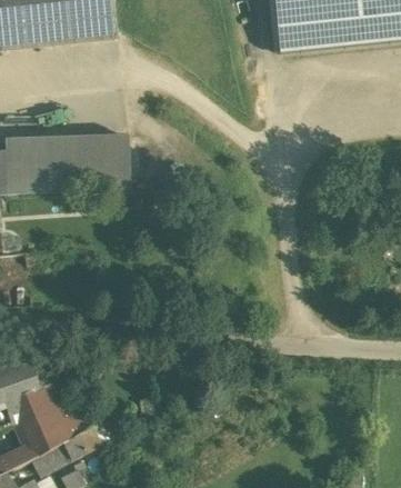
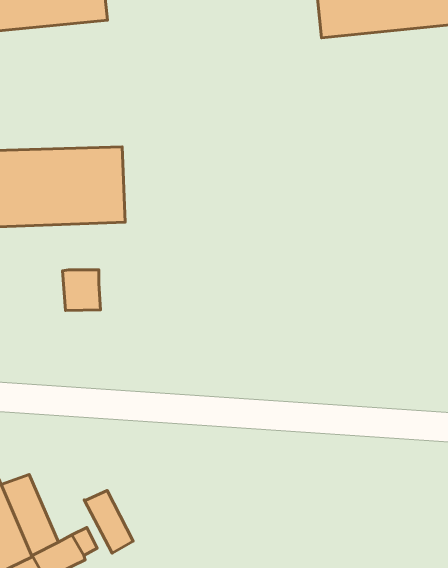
building: none -> [63,270,100,310]
building: none -> [84,491,133,553]

